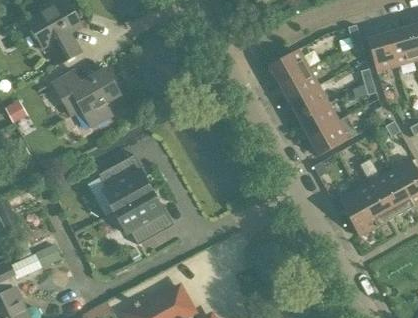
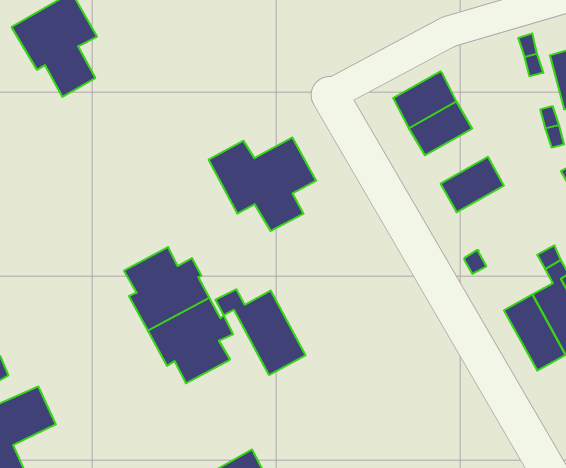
building: [52,68,120,127] -> [209,138,316,231]
building: [288,84,328,119] -> none
building: [308,115,357,155] -> none
building: none -> [215,289,305,375]

